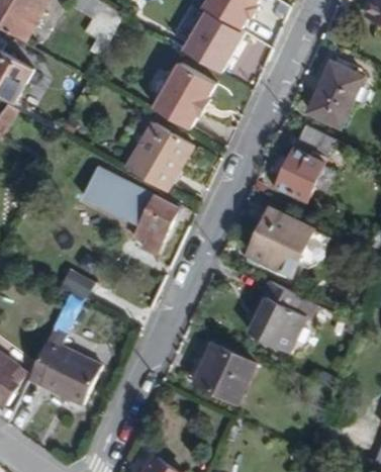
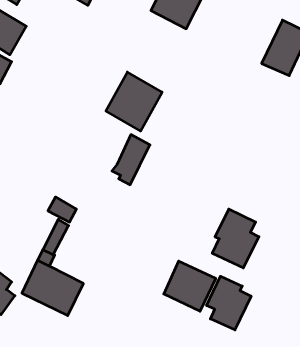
building: [155,64,216,129] -> none
building: [274,123,335,200] -> none
building: [79,166,156,229] -> none
building: [248,207,313,275] -> none
building: none -> [207,276,251,330]

